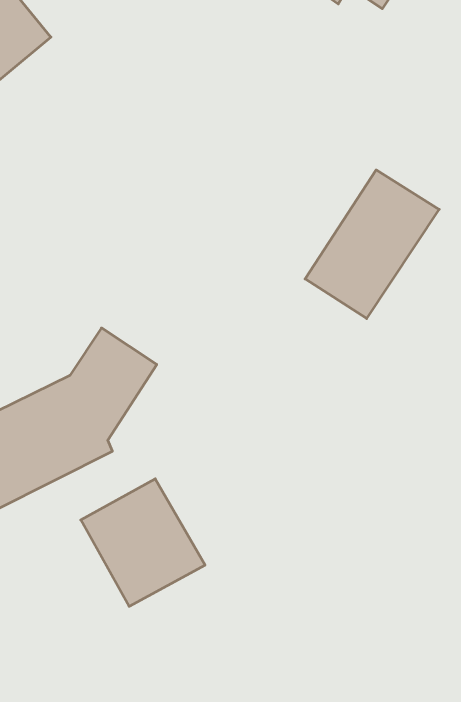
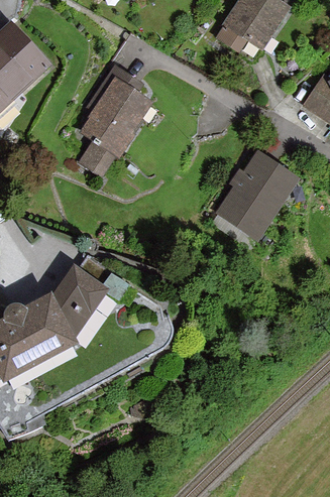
building: none -> [78,71,149,179]
building: [81,479,205,606] -> none

